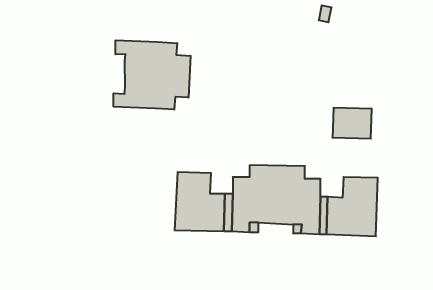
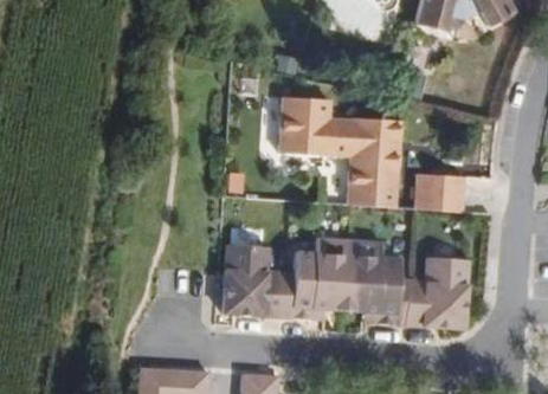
building: [114,40,191,110] -> none
building: none -> [273,84,393,192]

